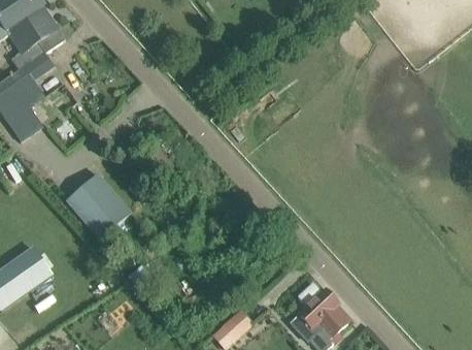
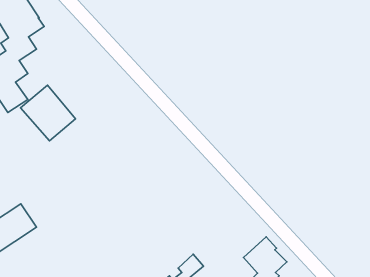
building: [66,171,131,237] -> [21,85,75,141]

